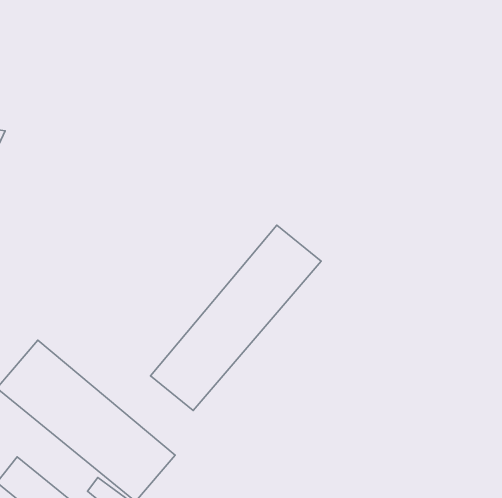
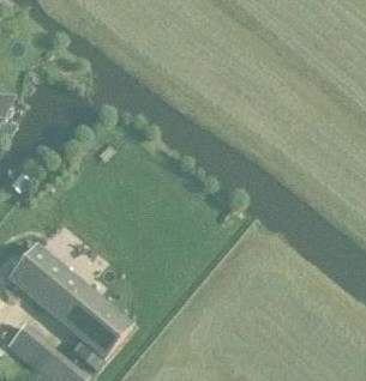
building: [151,225,321,411] -> none

